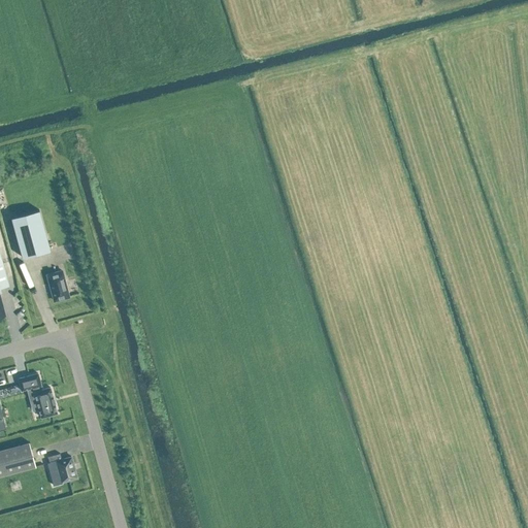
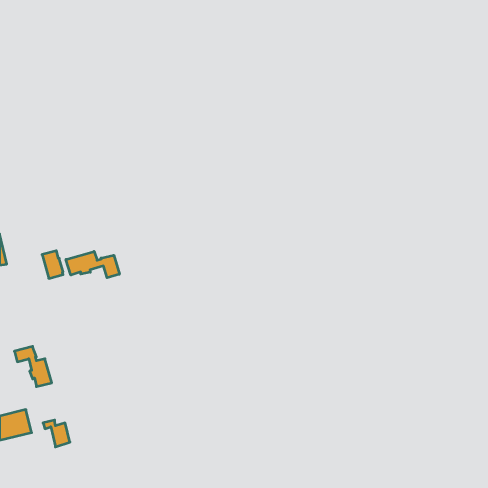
building: [10,210,48,258] -> none
building: none -> [66,251,119,278]

